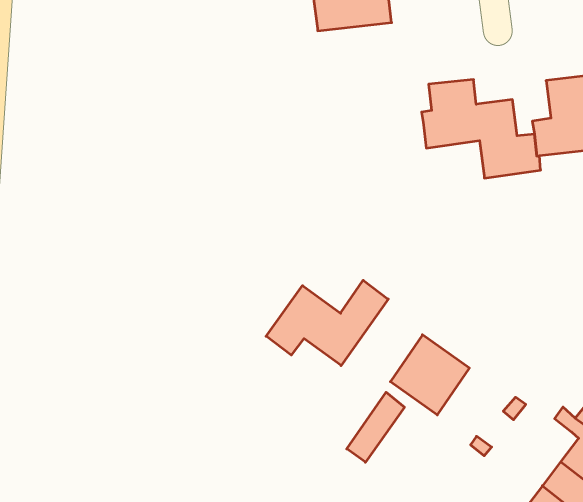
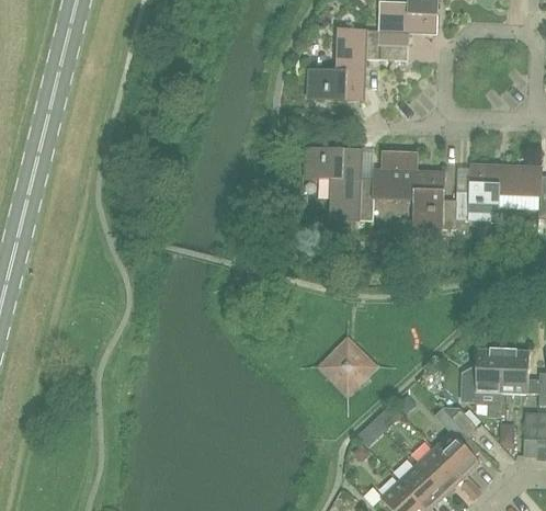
building: none -> [304,147,374,220]
building: [266,280,388,366] -> none
building: [347,392,404,462] -> none

